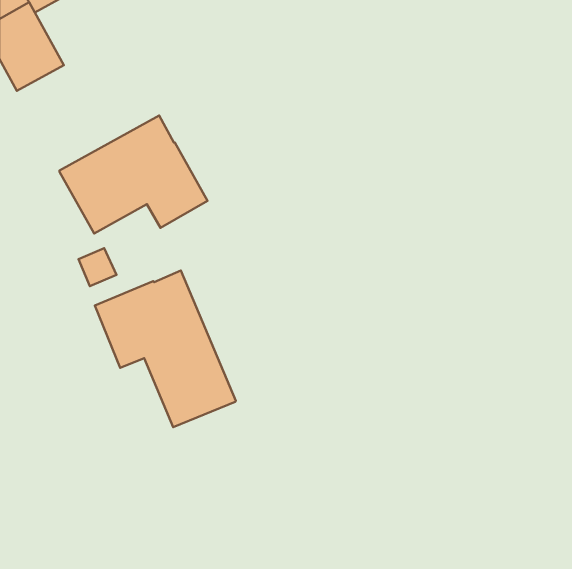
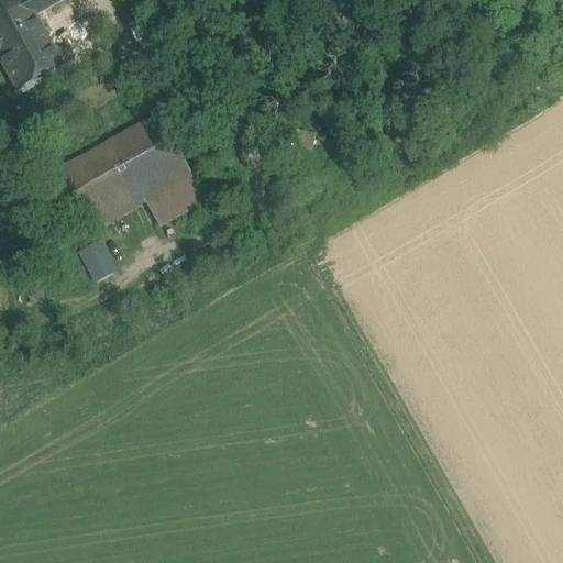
building: [95,270,236,427] -> none

